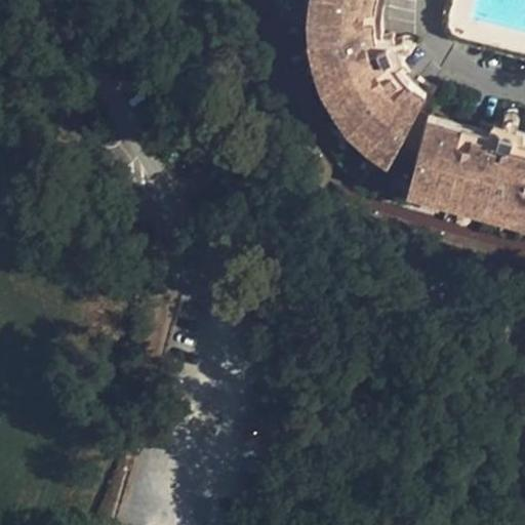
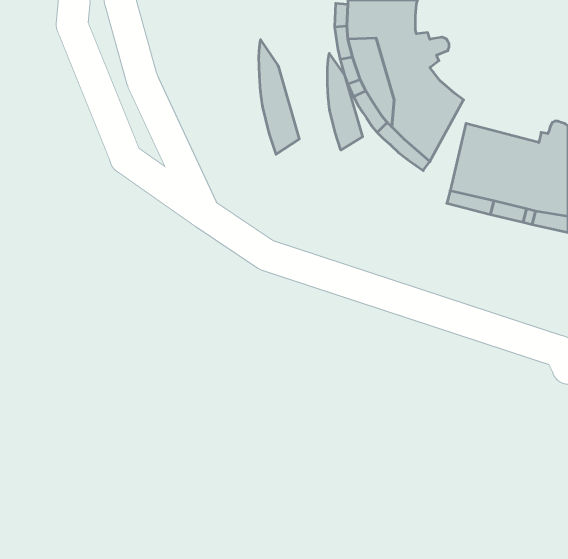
building: none -> [259,40,299,154]
building: none -> [327,53,363,150]

